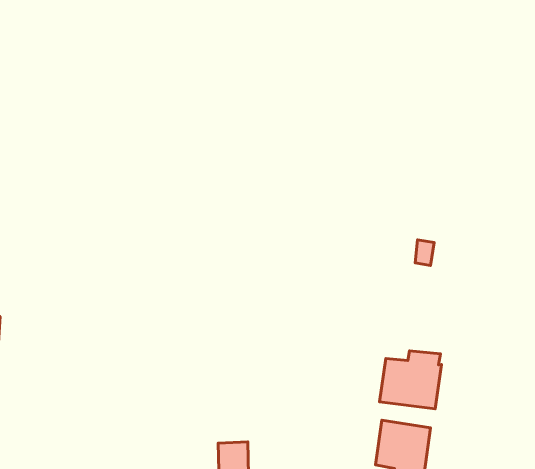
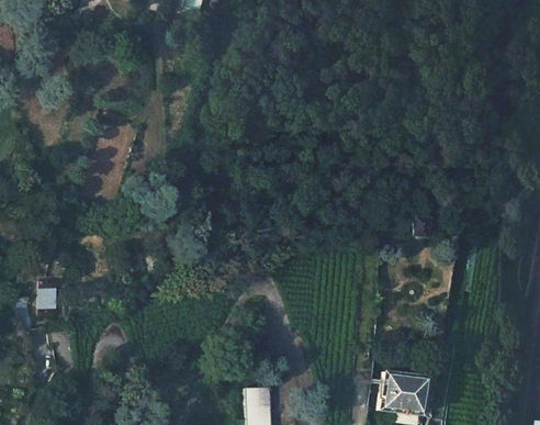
building: [380,351,442,409] -> none

